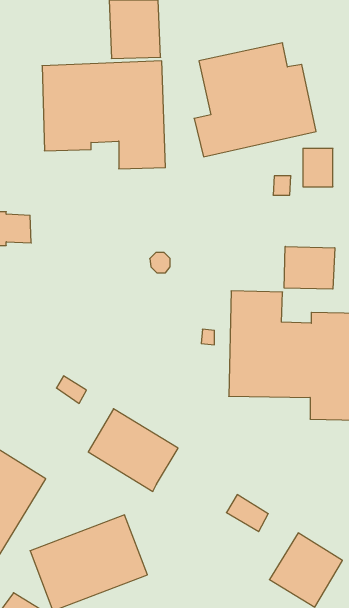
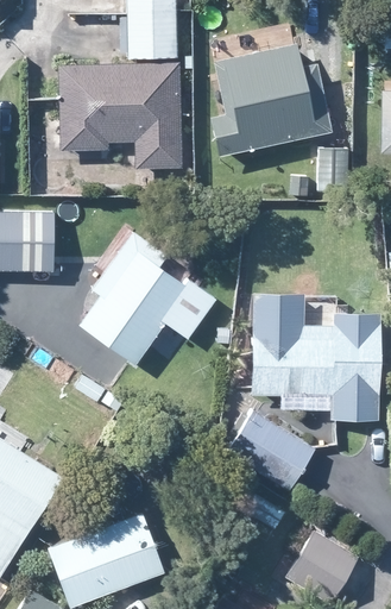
building: none -> [80,232,215,364]
building: [284,246,335,289] -> none
building: [88,409,178,491] -> [226,409,315,491]

